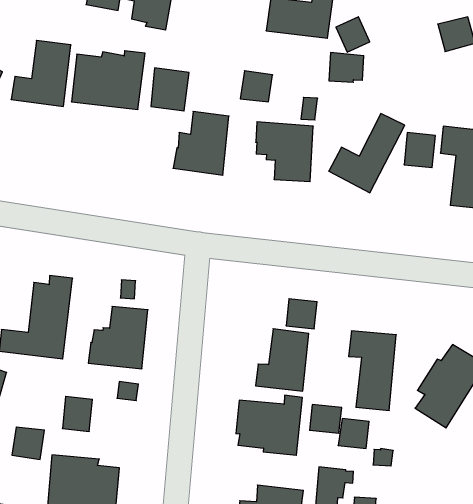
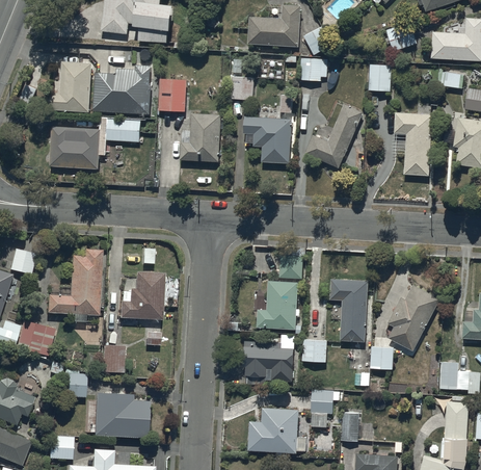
building: none -> [49,115,140,167]
building: [404,133,435,168] -> [368,62,392,89]
building: [338,419,369,448] -> [369,347,393,370]

